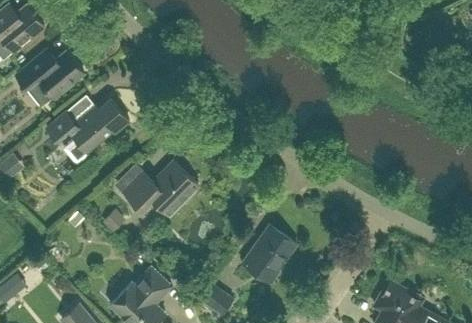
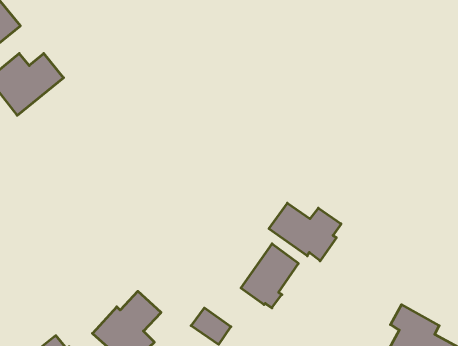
building: [46,99,129,159] -> none
building: [125,161,199,214] -> none
building: none -> [269,203,341,261]

